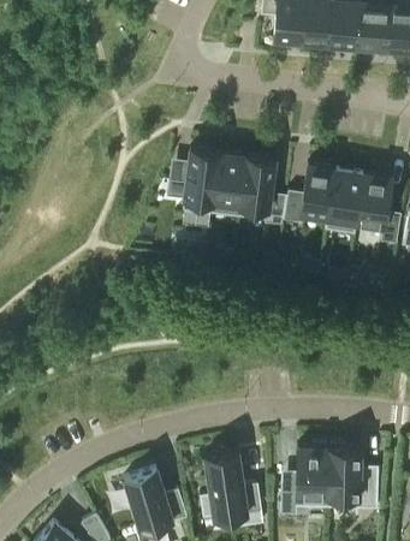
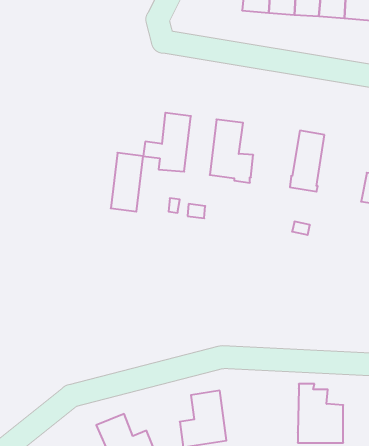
building: [208,151,243,215] -> [111,153,143,212]
building: [280,164,333,221] -> none
building: [351,172,398,242] -> none
building: [285,445,332,503] -> none

